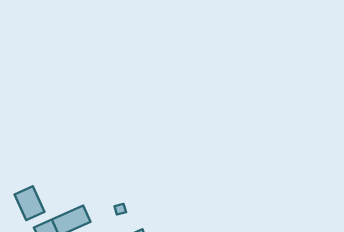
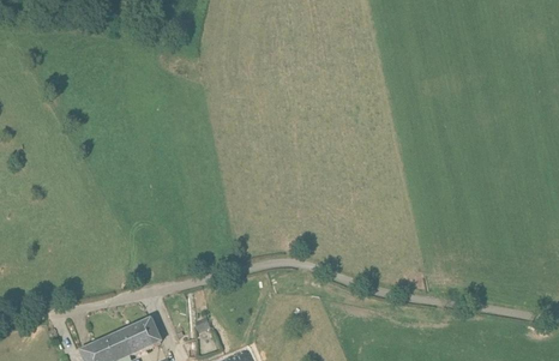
building: [15,186,45,220] -> none

